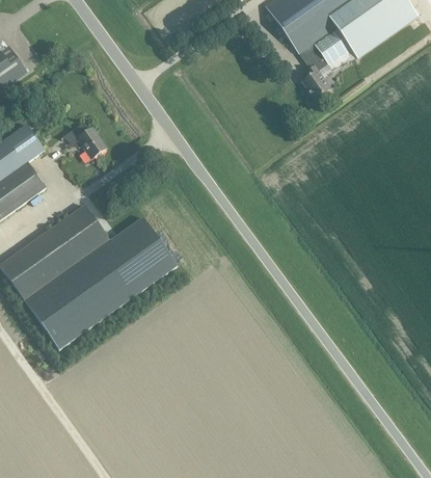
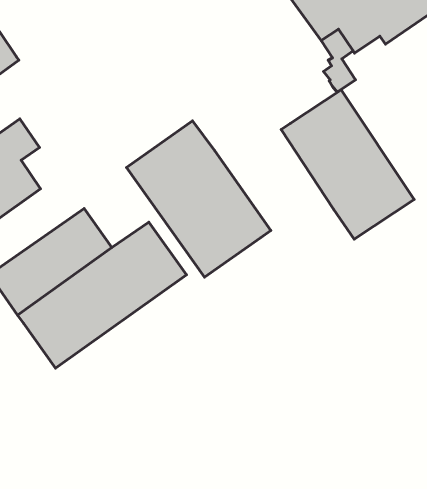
building: none -> [281,90,414,239]
building: [66,123,107,158] -> none
building: none -> [126,121,271,277]

